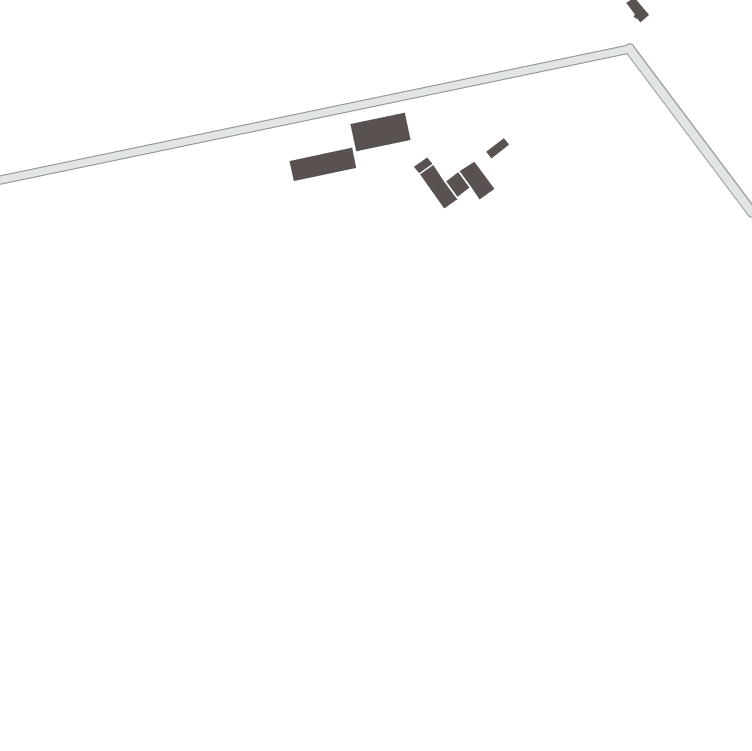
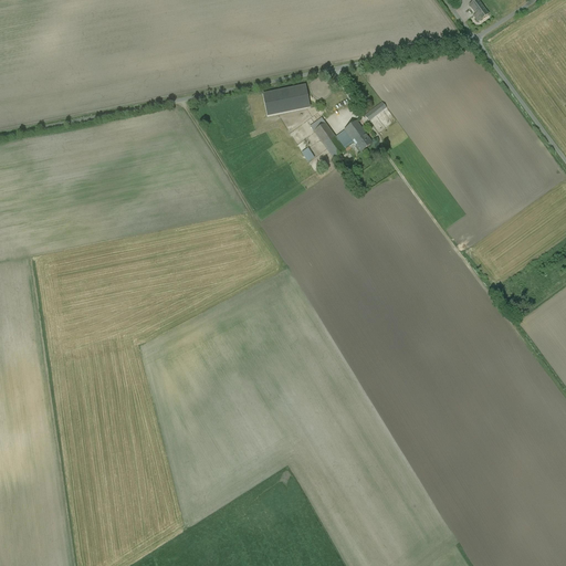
building: [289,147,357,182] -> none

